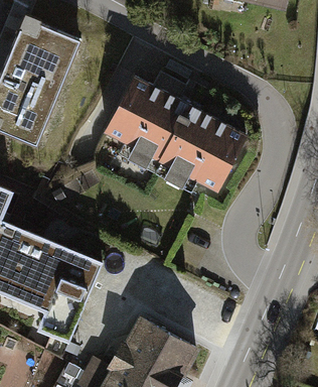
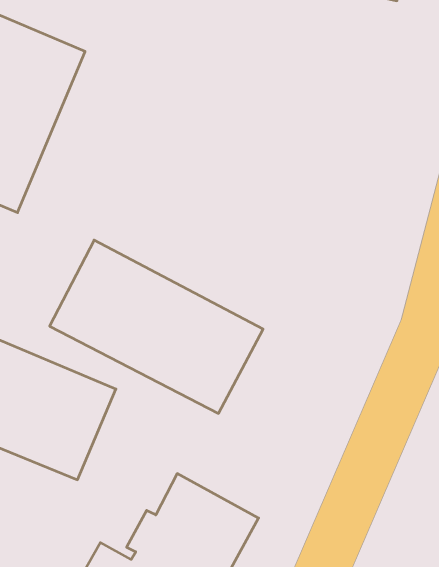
building: [105,77,245,190] -> [50,240,263,413]

